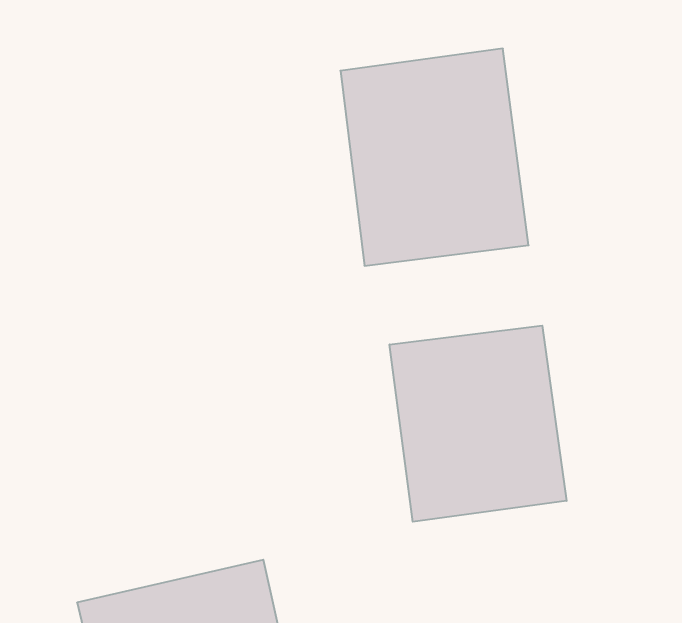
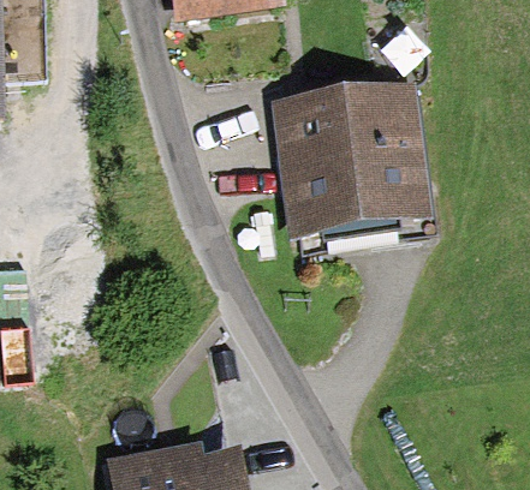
building: [390,326,567,522] -> none

